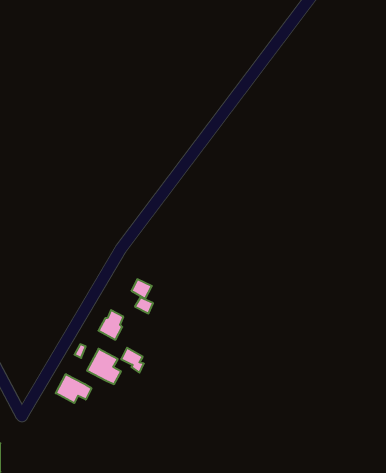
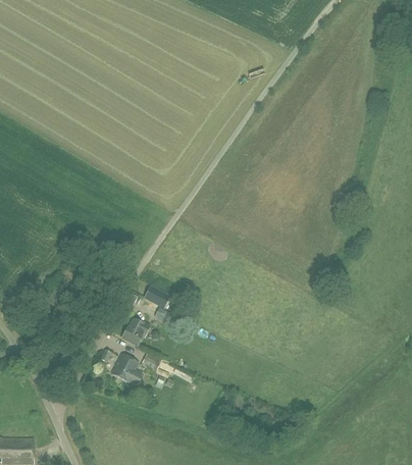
building: [56,374,91,403] -> none

